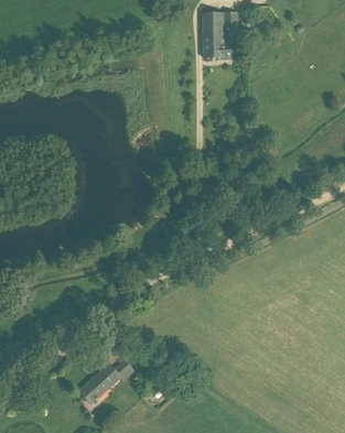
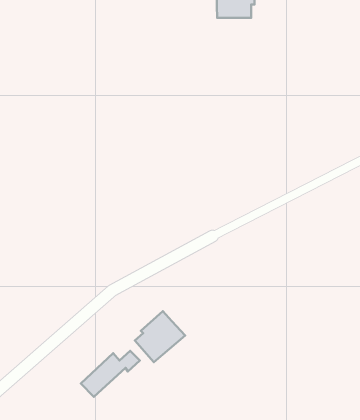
building: none -> [135,311,185,362]

